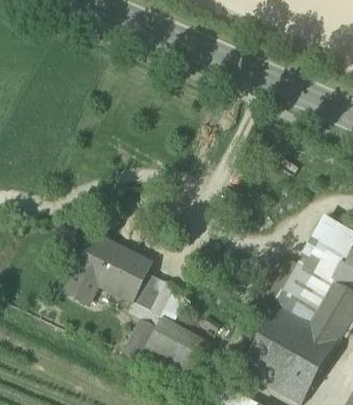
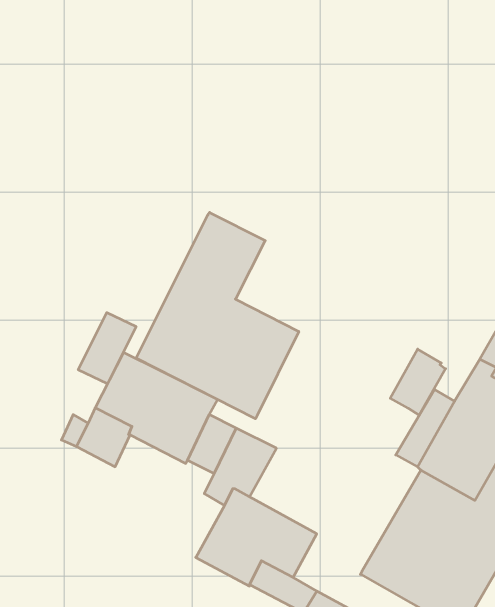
building: none -> [136,212,299,419]
building: none -> [78,313,136,384]
building: none -> [390,349,446,415]
building: [124,299,156,359] -> none

